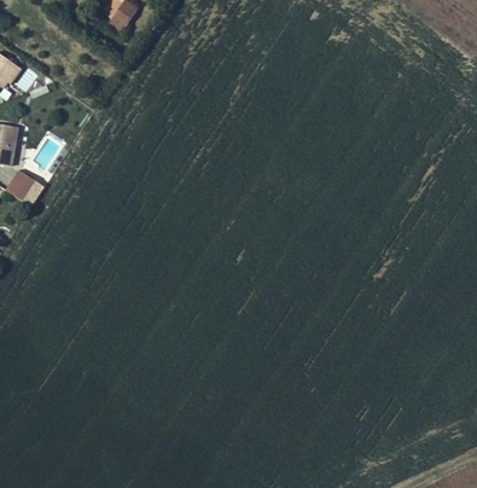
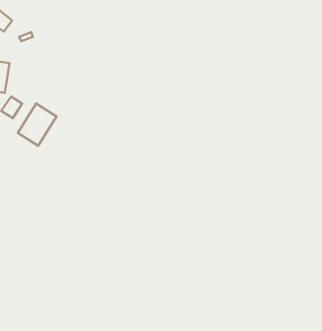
building: none -> [18,103,56,146]

